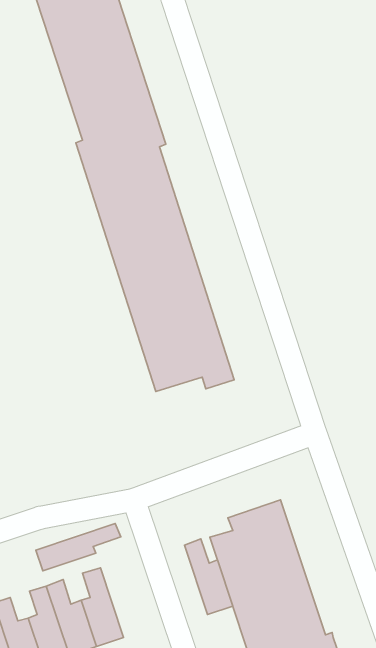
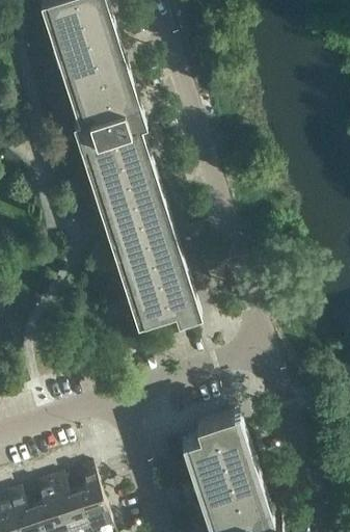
building: [36,524,121,571] -> none
building: [184,539,233,615] -> none

